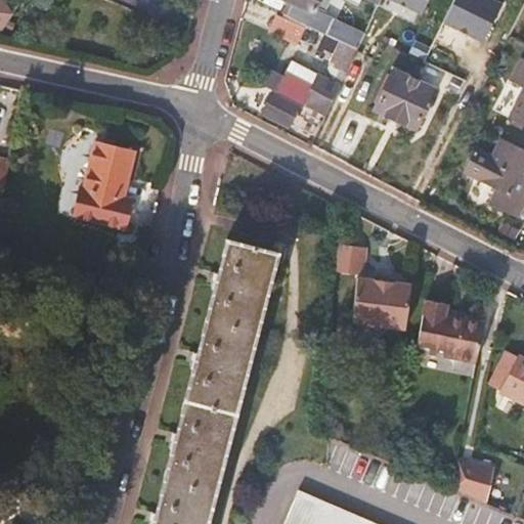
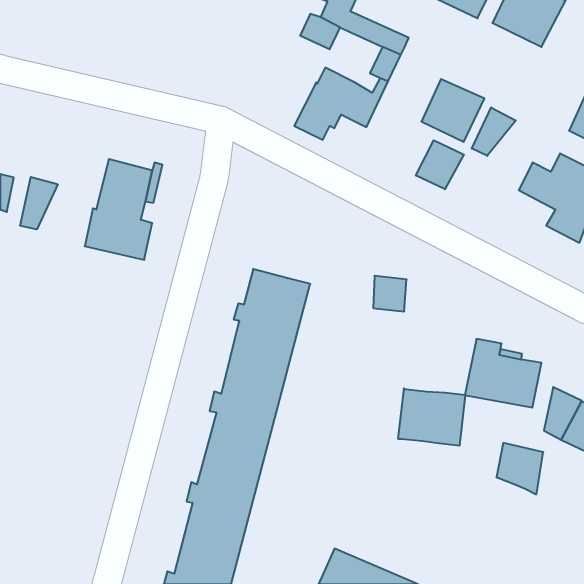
building: none -> [472,107,516,156]
building: none -> [416,140,464,189]
building: none -> [20,177,58,229]
building: [349,280,409,332] -> [398,388,466,446]
building: [451,461,493,507] -> [496,443,543,494]

